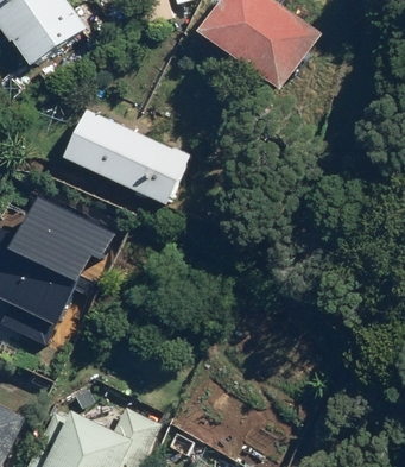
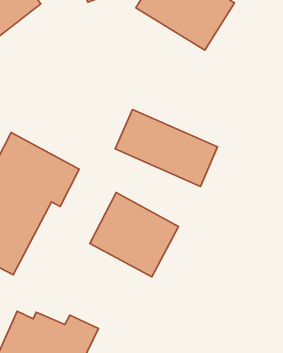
building: [61,109,188,204] -> [115,110,218,186]
building: none -> [90,192,179,277]

